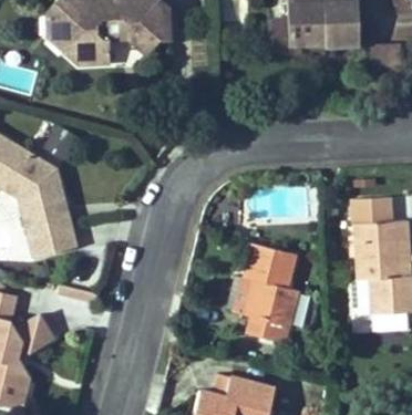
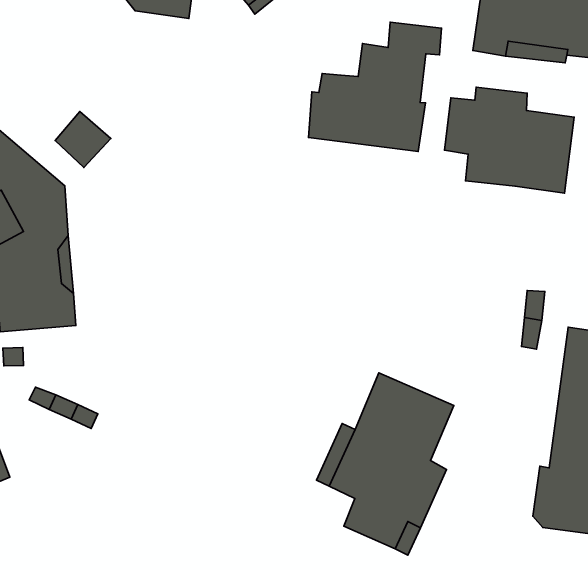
building: none -> [309,22,442,152]
building: none -> [444,87,574,193]

